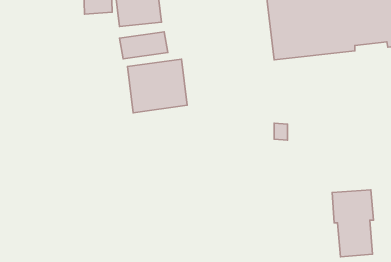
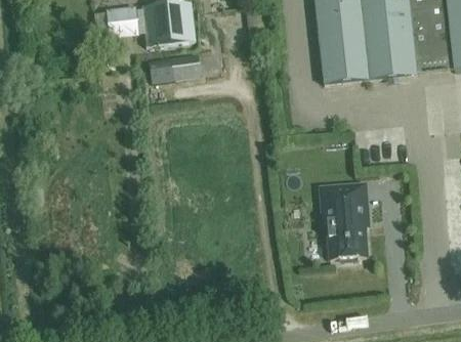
building: [127,59,187,113] -> none
building: [332,190,373,257] -> [321,183,368,260]

